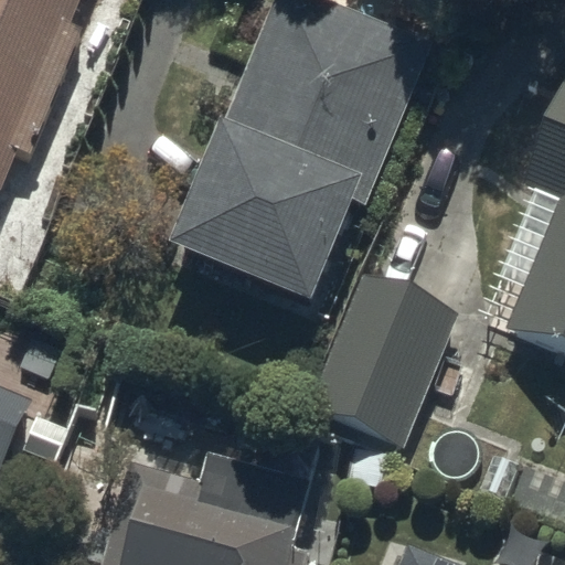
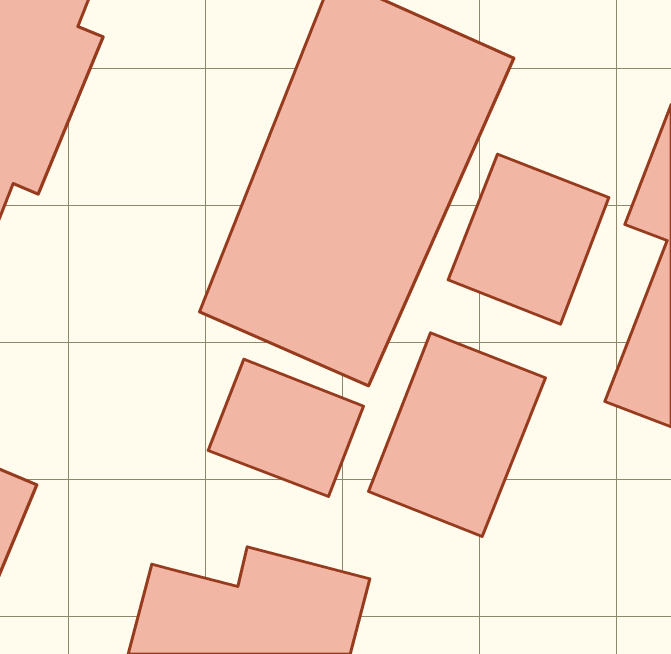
building: none -> [448,154,609,324]
building: none -> [208,359,363,497]

